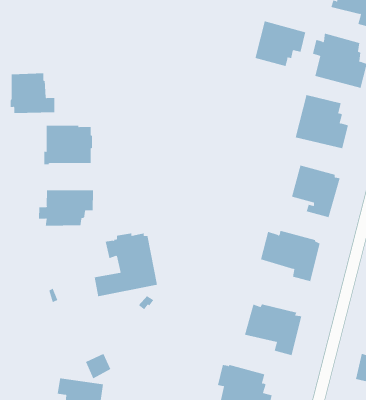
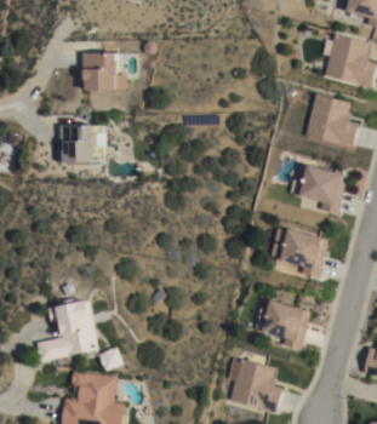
building: [255,20,306,67] -> none
building: [10,73,55,114] -> [81,50,126,90]
building: [39,190,93,226] -> none
building: [94,233,158,297] -> [36,299,99,362]

